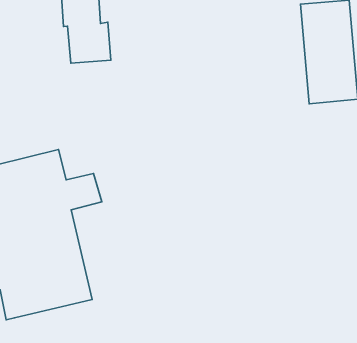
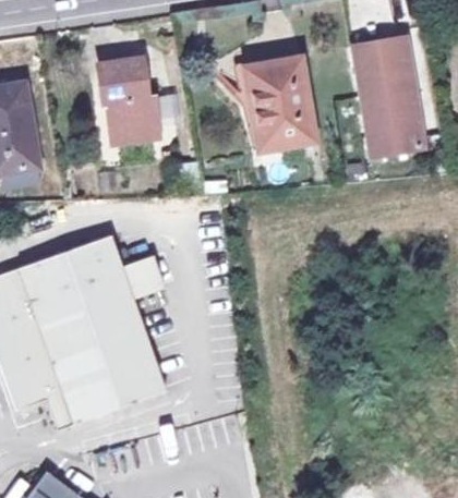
building: none -> [253,61,314,150]

